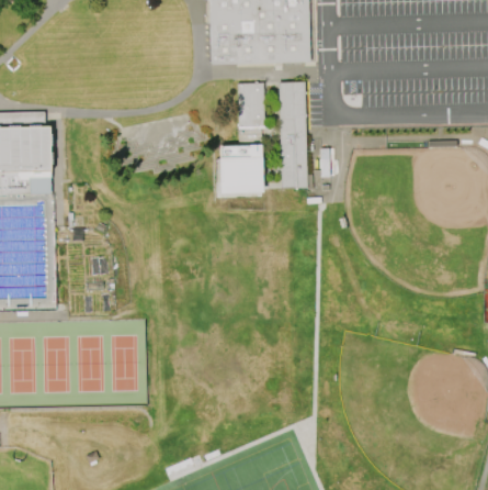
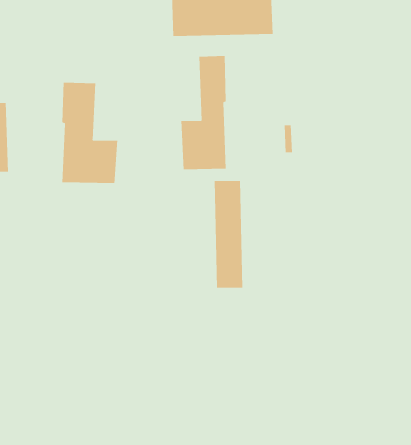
building: [279,82,307,188] -> [214,181,243,288]
building: none -> [62,82,118,184]

